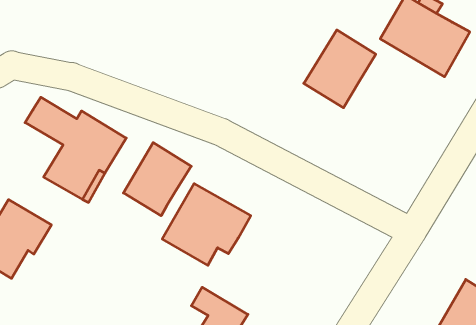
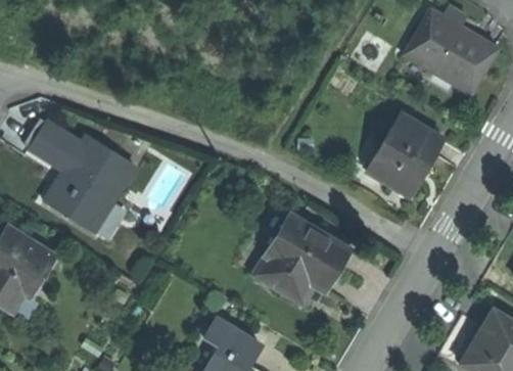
building: [304,30,376,108] -> [368,114,444,196]
building: [123,143,191,216] -> none
building: [162,184,251,265] -> [256,217,349,303]

